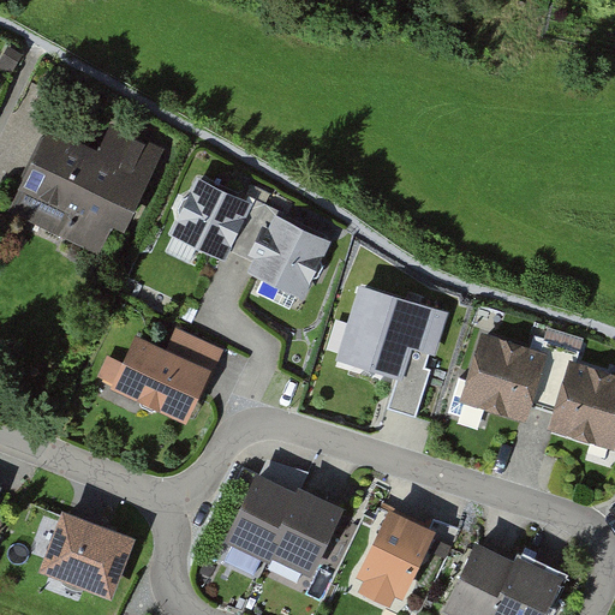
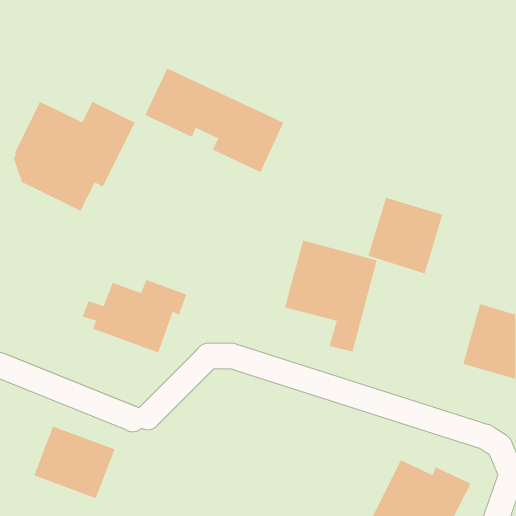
building: [171,178,336,303] -> [144,68,284,173]
building: [459,332,549,423] -> [367,197,443,274]
building: [223,479,346,577] -> none
building: [359,513,436,608] -> none

